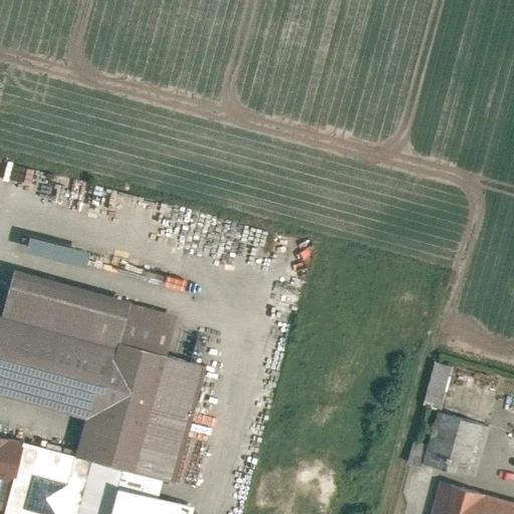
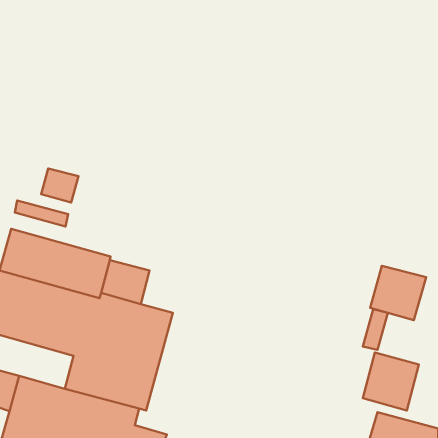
building: none -> [41,168,78,202]
building: none -> [370,266,426,320]

